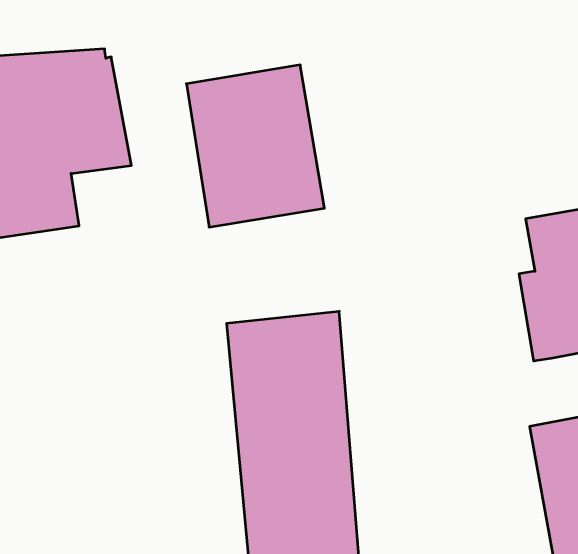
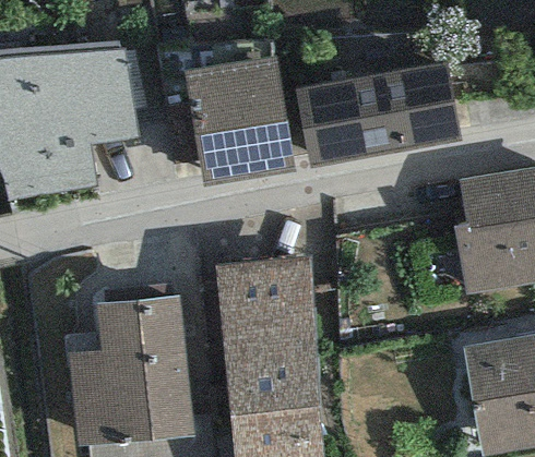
building: none -> [294,62,460,168]
building: none -> [67,291,193,447]

